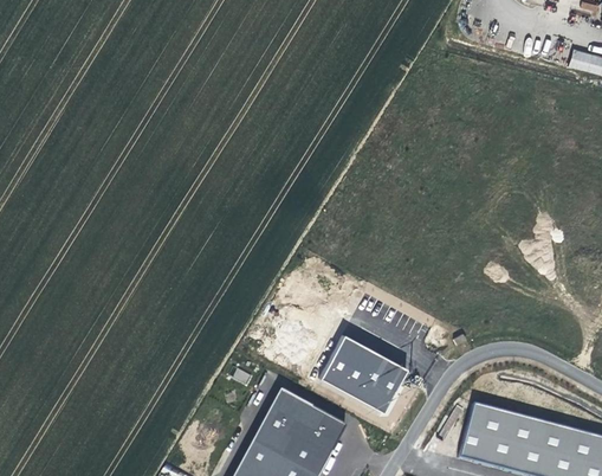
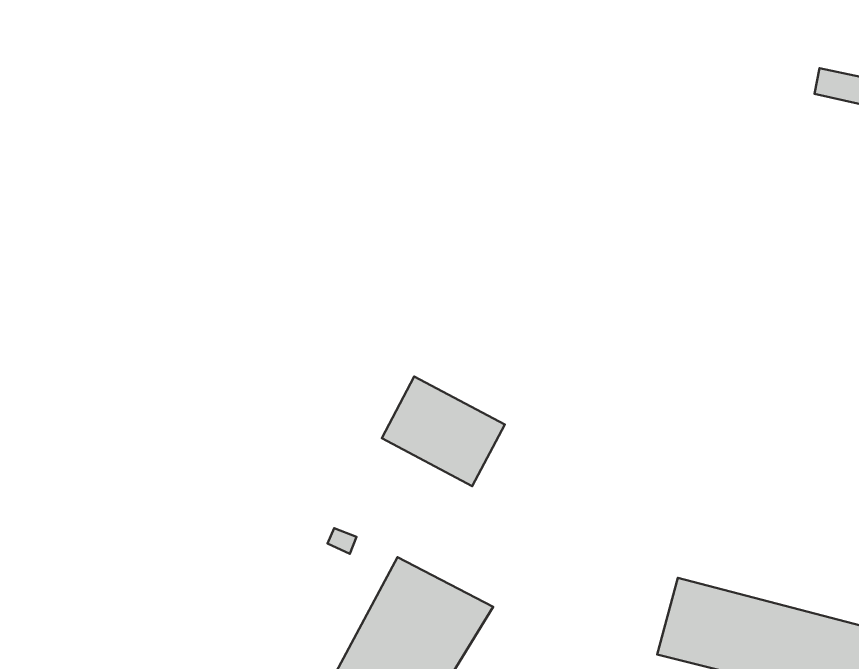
building: [323,337,408,413] -> [382,377,505,486]

